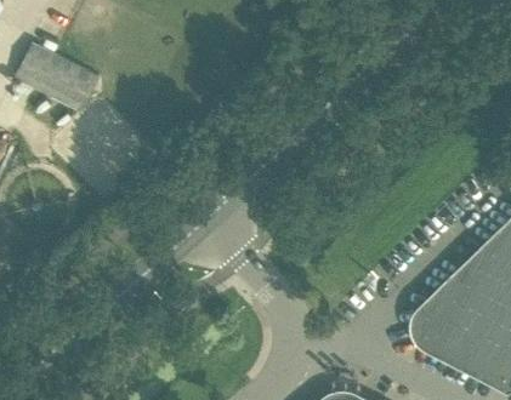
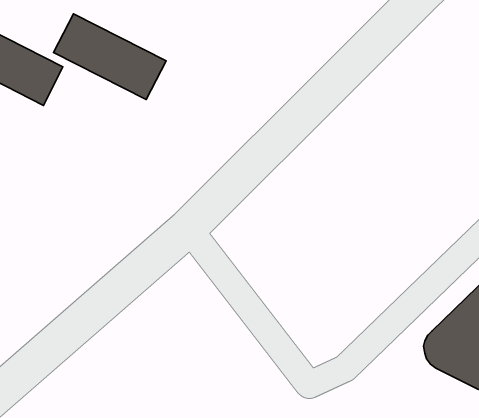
building: none -> [53,14,166,100]

